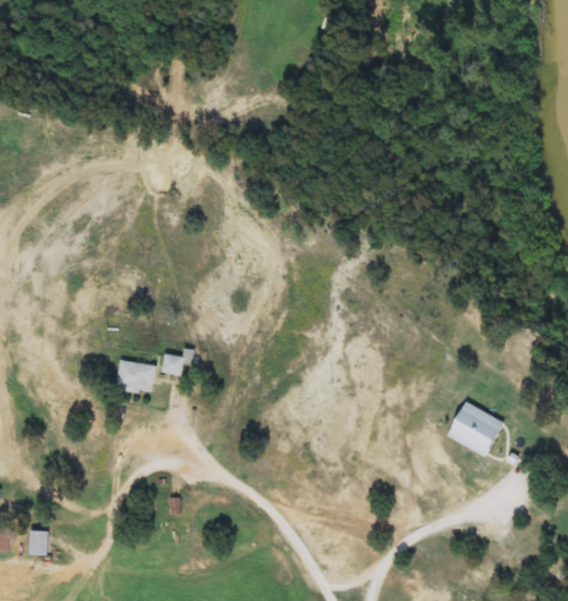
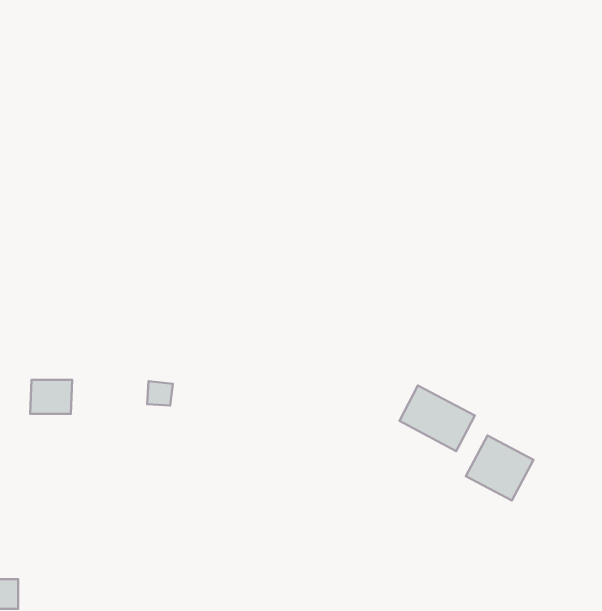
building: none -> [399,385,475,451]
building: [116,361,153,391] -> [30,380,72,414]

